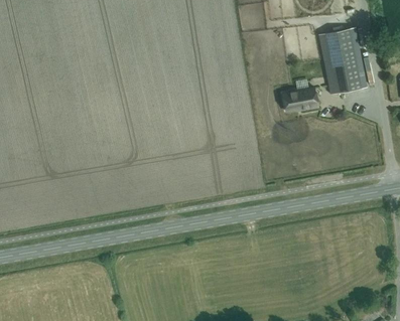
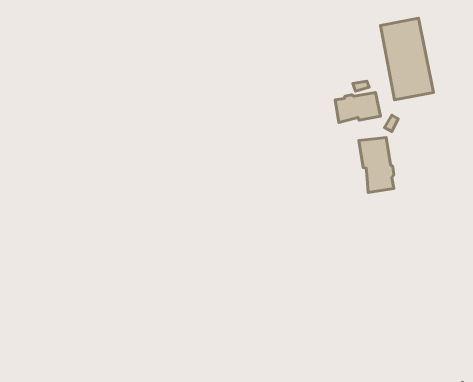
building: none -> [359,137,394,193]

